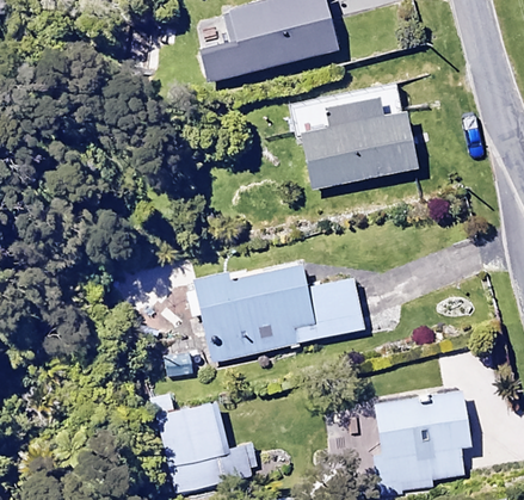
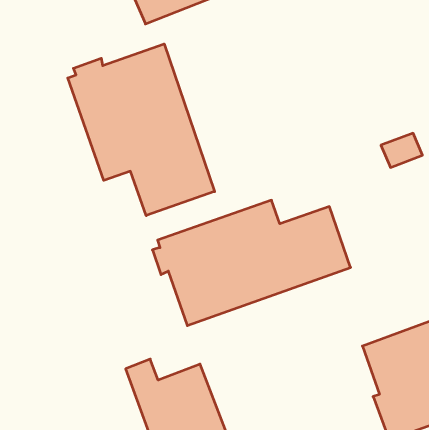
building: [298,99,420,191] -> none
building: none -> [68,44,215,216]

